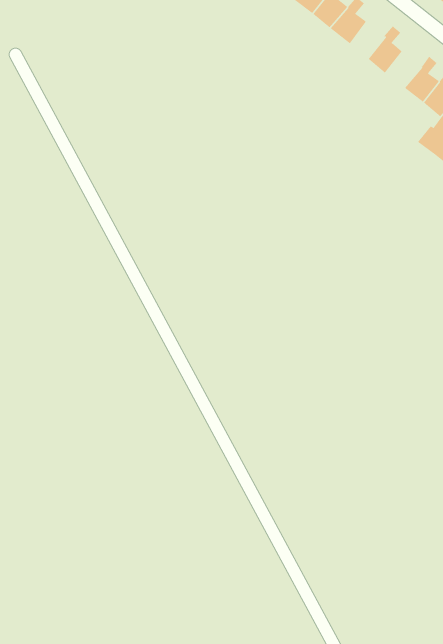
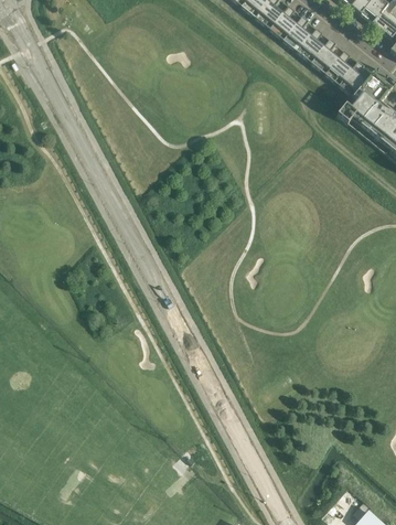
building: none -> [286,15,312,52]
building: none -> [312,39,340,74]

